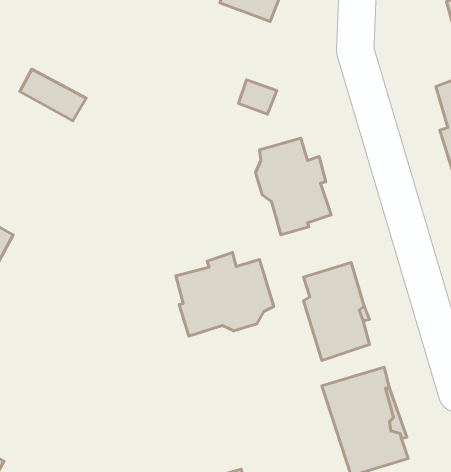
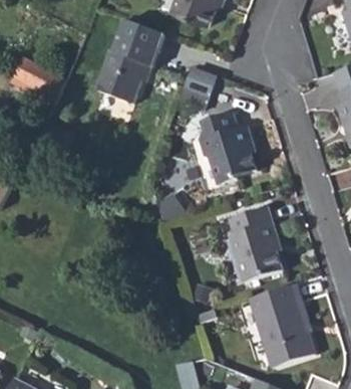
building: none -> [94,18,163,103]
building: [176,253,274,336] -> none

